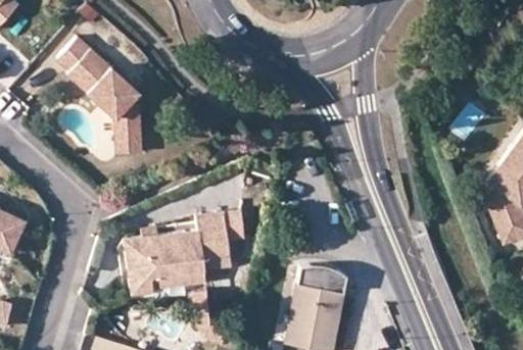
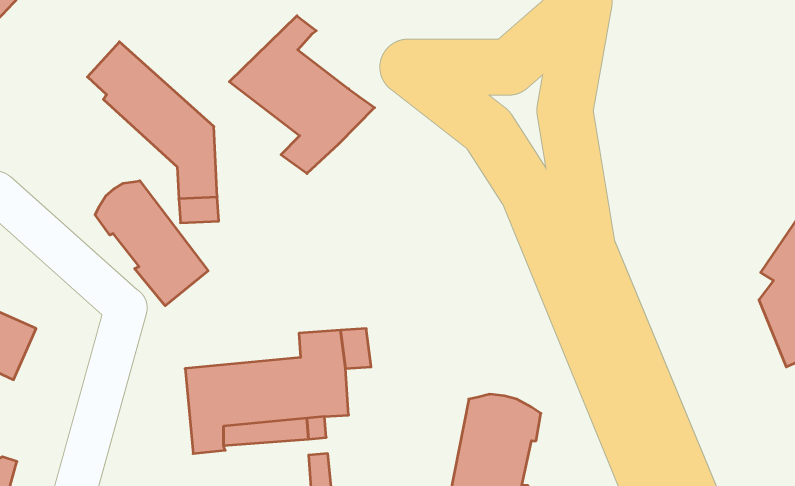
building: none -> [229,16,375,174]
building: none -> [95,181,208,306]

